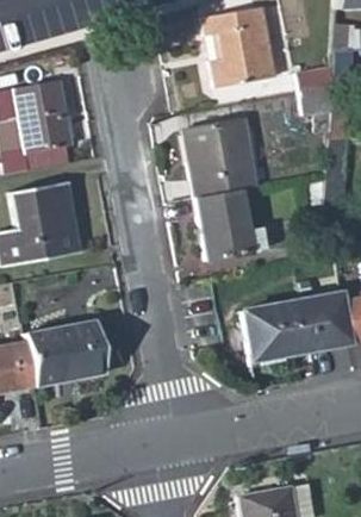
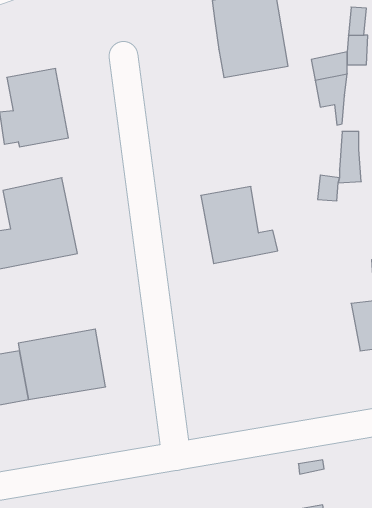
building: [186,118,259,197] -> none
building: [236,292,346,366] -> none

